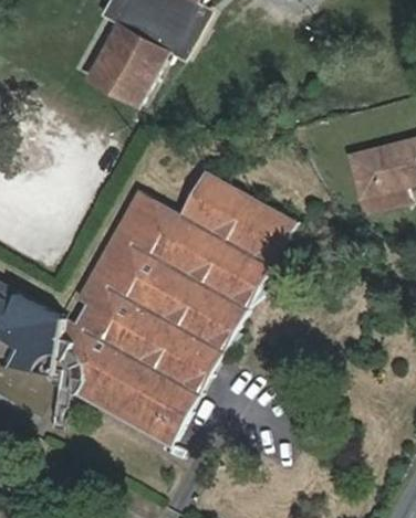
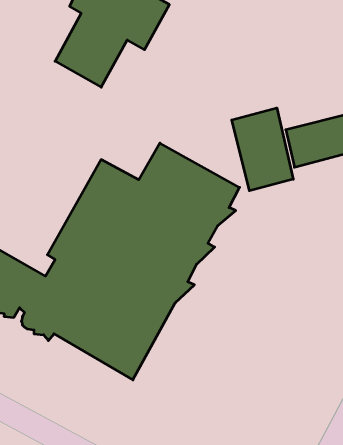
building: none -> [232,108,293,191]

